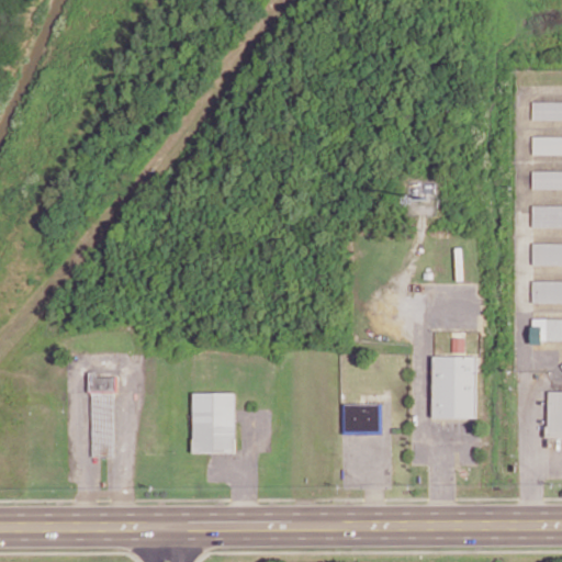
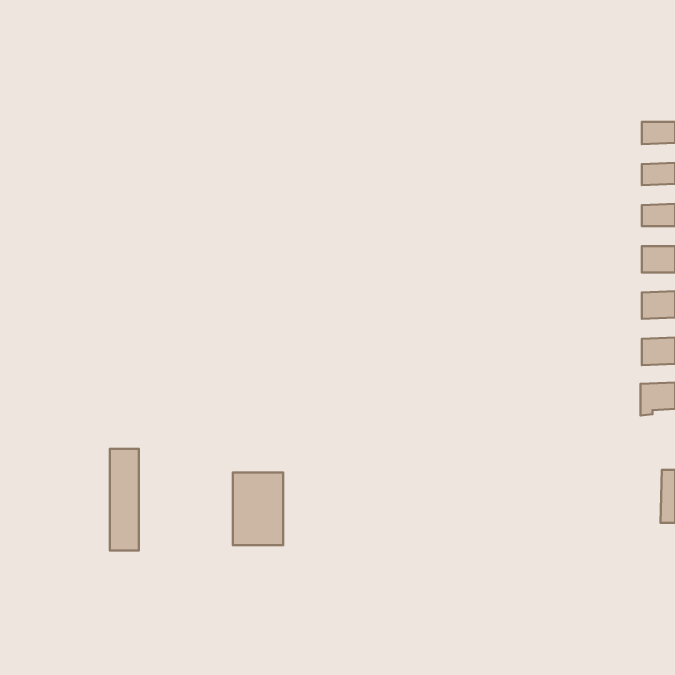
building: [432,356,477,418] -> none
building: [345,404,382,432] -> none

